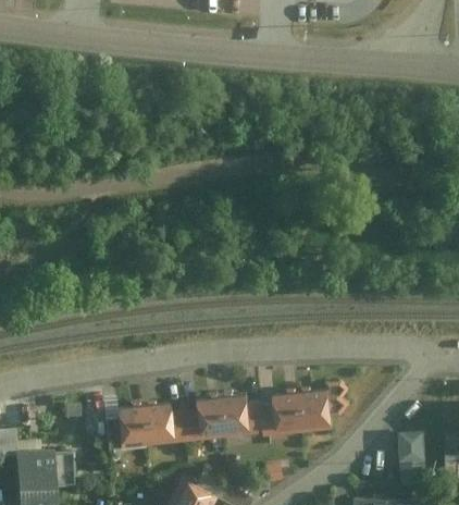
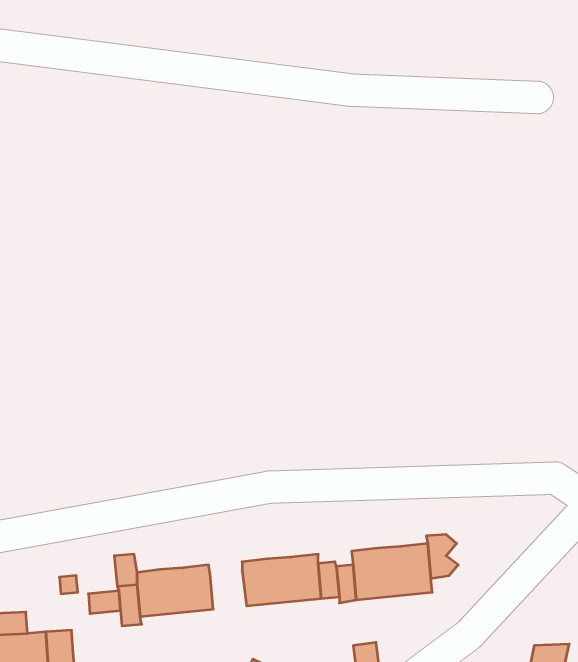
building: [170,409,196,436] -> none
building: [400,431,426,463] -> none

